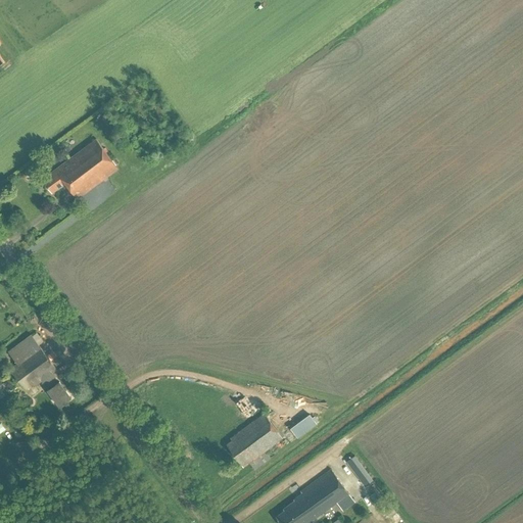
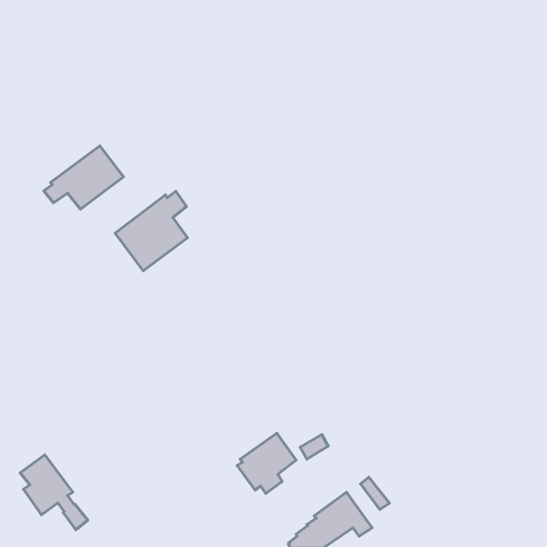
building: none -> [115,191,187,271]
building: [6,336,70,408] -> [20,455,88,530]

